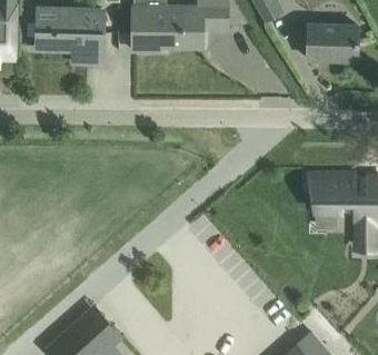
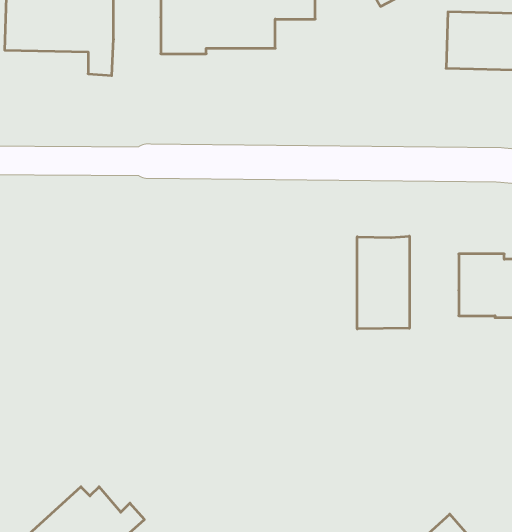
building: none -> [357,236,409,329]

